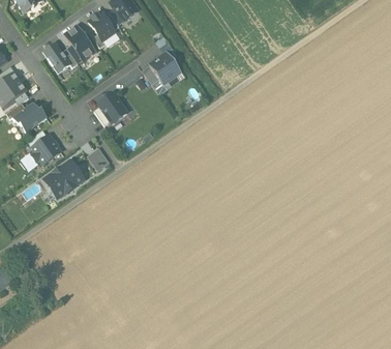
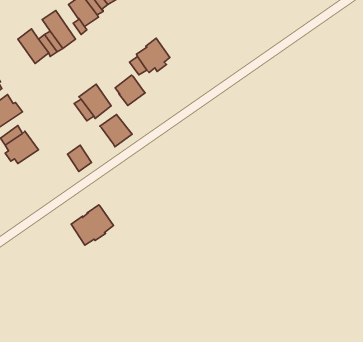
building: none -> [115,75,145,105]
building: none -> [100,115,132,147]
building: [44,161,83,197] -> [71,205,114,245]

